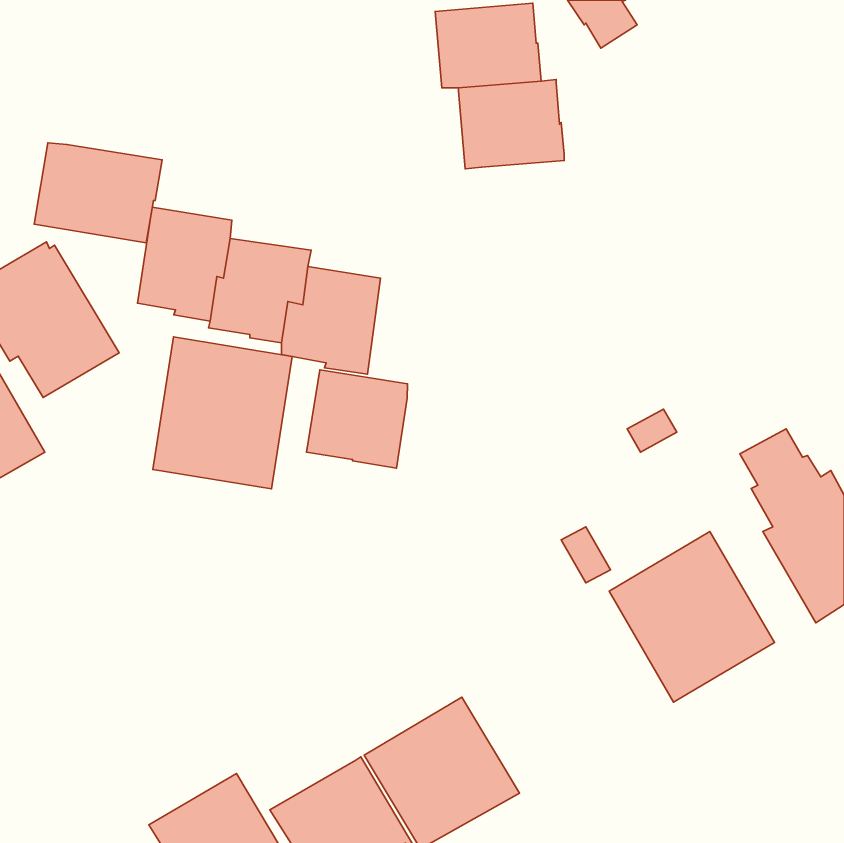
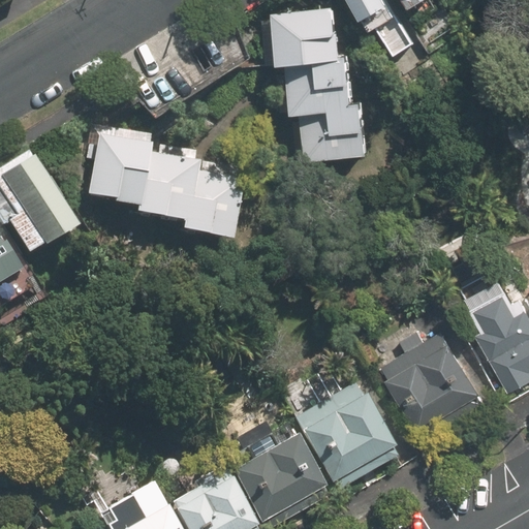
building: [34,143,162,243] -> none
building: none -> [301,98,367,156]
building: [153,337,292,489] -> none
building: [307,370,408,468] -> none
building: none -> [290,383,397,493]

